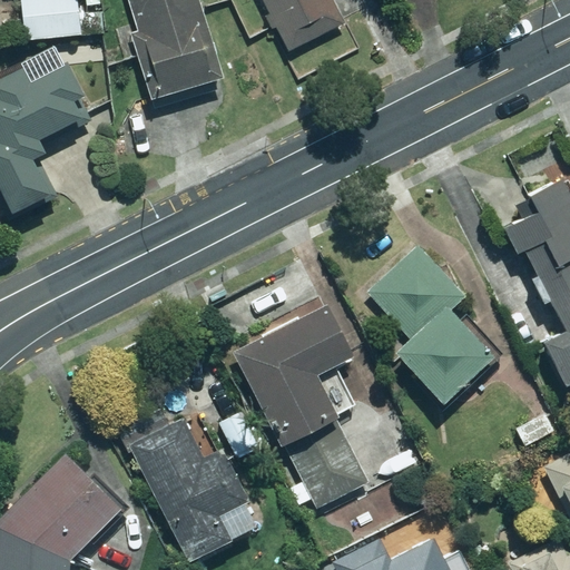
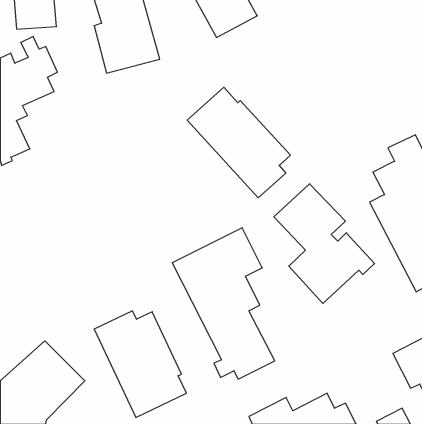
building: none -> [187,87,290,198]

